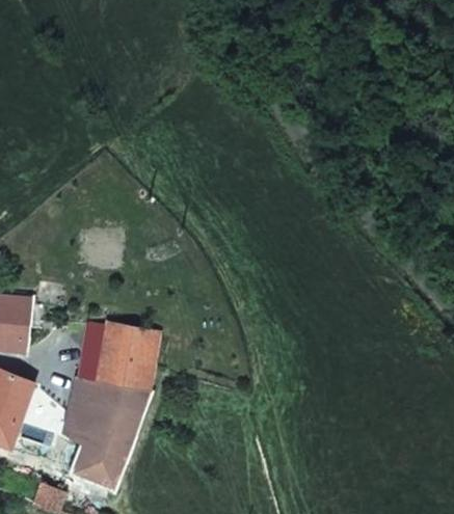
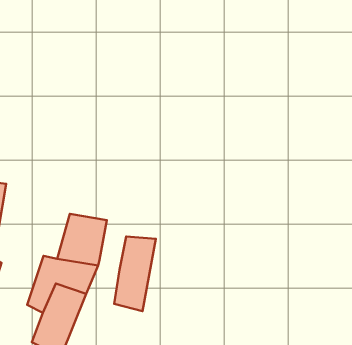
building: none -> [114,237,156,311]

